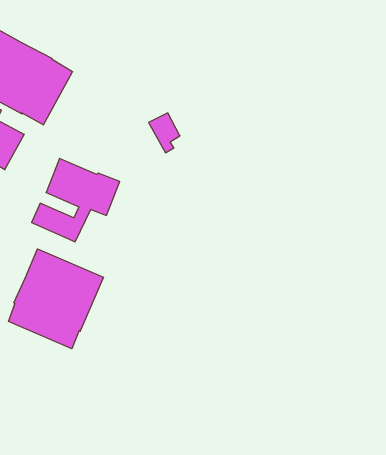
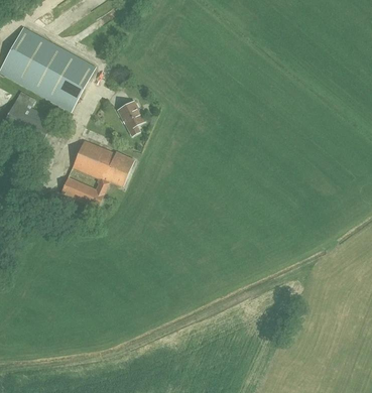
building: [149,113,180,153] -> [117,101,143,134]
building: [8,249,104,349] -> none

